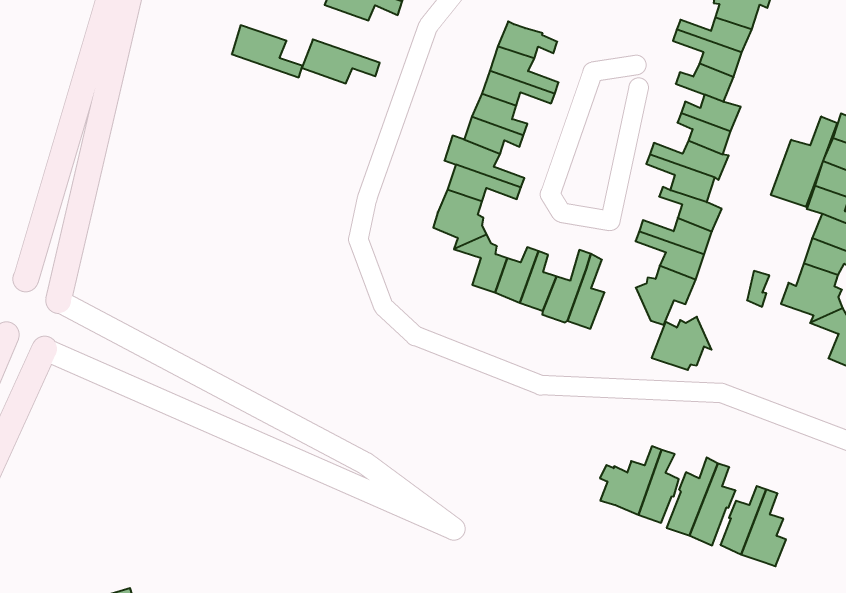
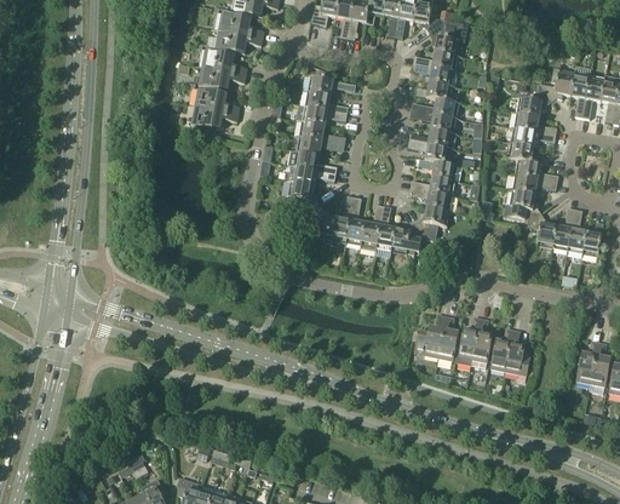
building: [232,25,303,77] -> [196,87,240,113]
building: [771,116,837,207] -> none
building: [652,317,712,370] -> [391,222,426,254]

